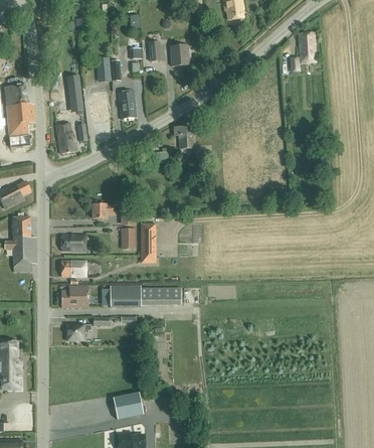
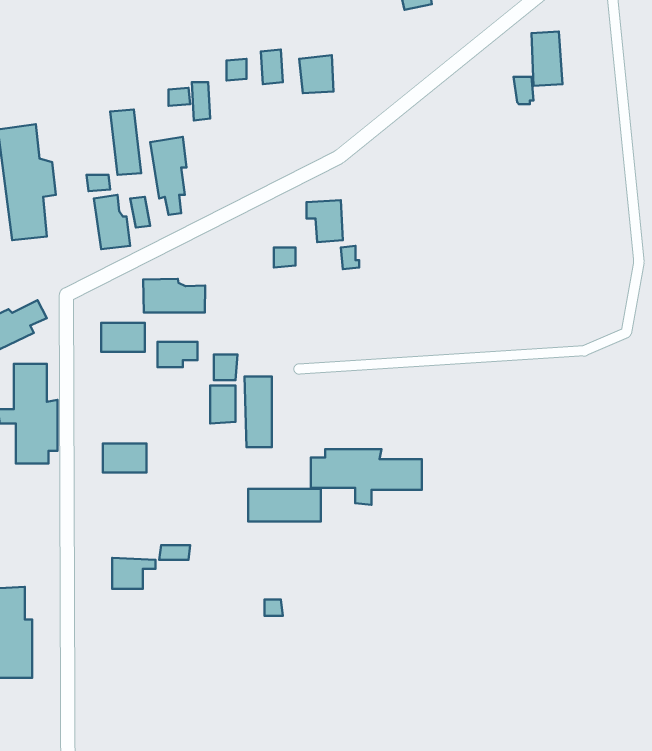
building: [118,90,137,118] -> none
building: none -> [143,279,205,313]
building: [61,234,85,250] -> [101,323,145,352]
building: none -> [311,449,422,505]
building: [60,285,87,307] -> none
building: [110,285,141,305] -> none
building: [113,392,143,419] -> none

